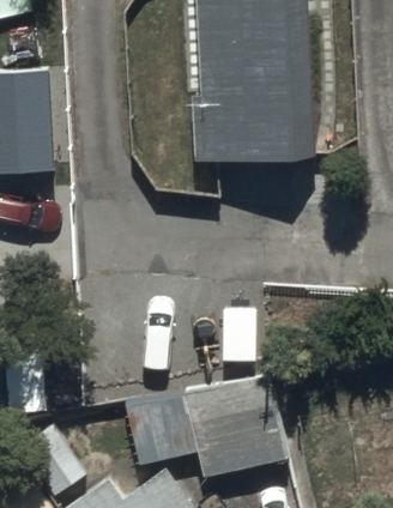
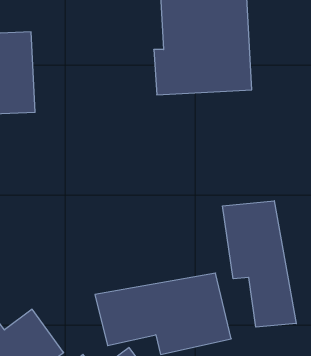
building: none -> [223,201,296,327]

